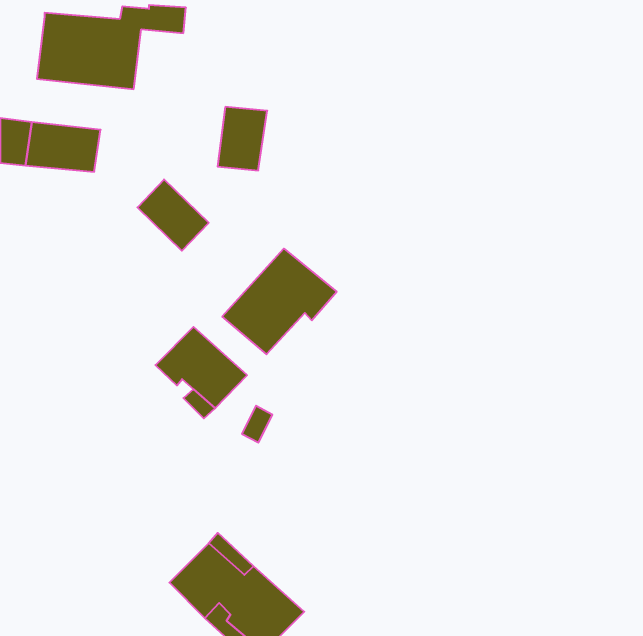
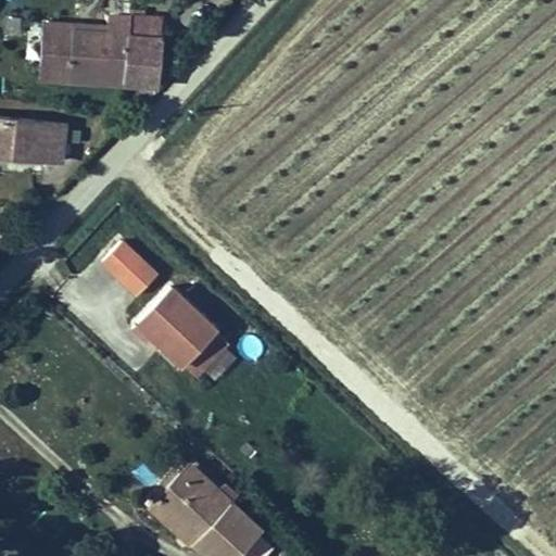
building: [218,107,267,170] -> [121,37,163,91]
building: [137,179,209,251] -> [103,244,164,305]
building: [222,249,337,354] -> none

